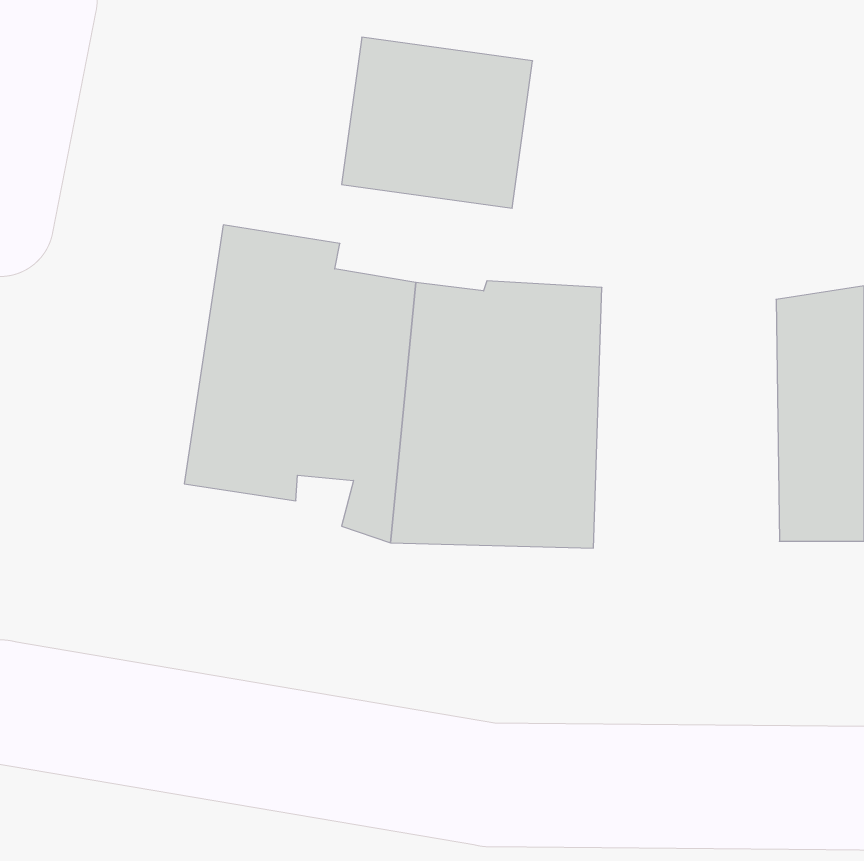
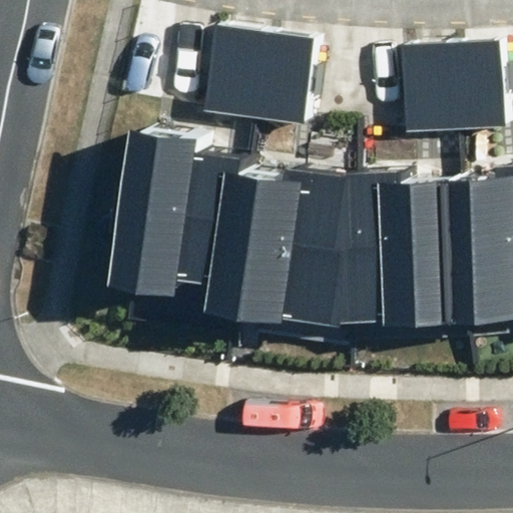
building: none -> [398,39,506,134]
building: none -> [352,169,462,327]

